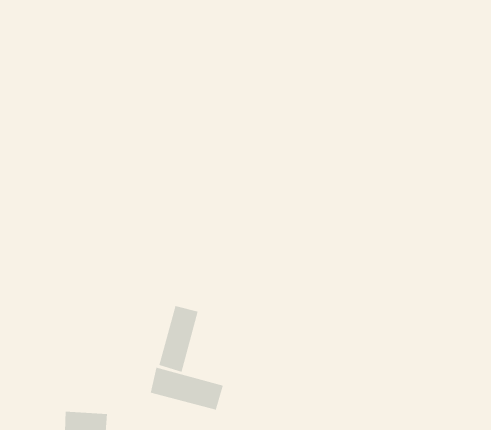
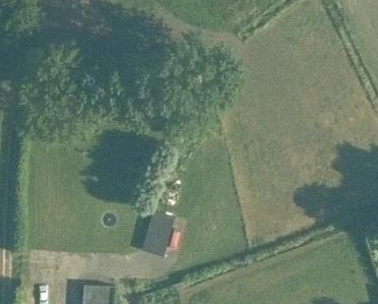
building: [150,367,224,411] -> none

